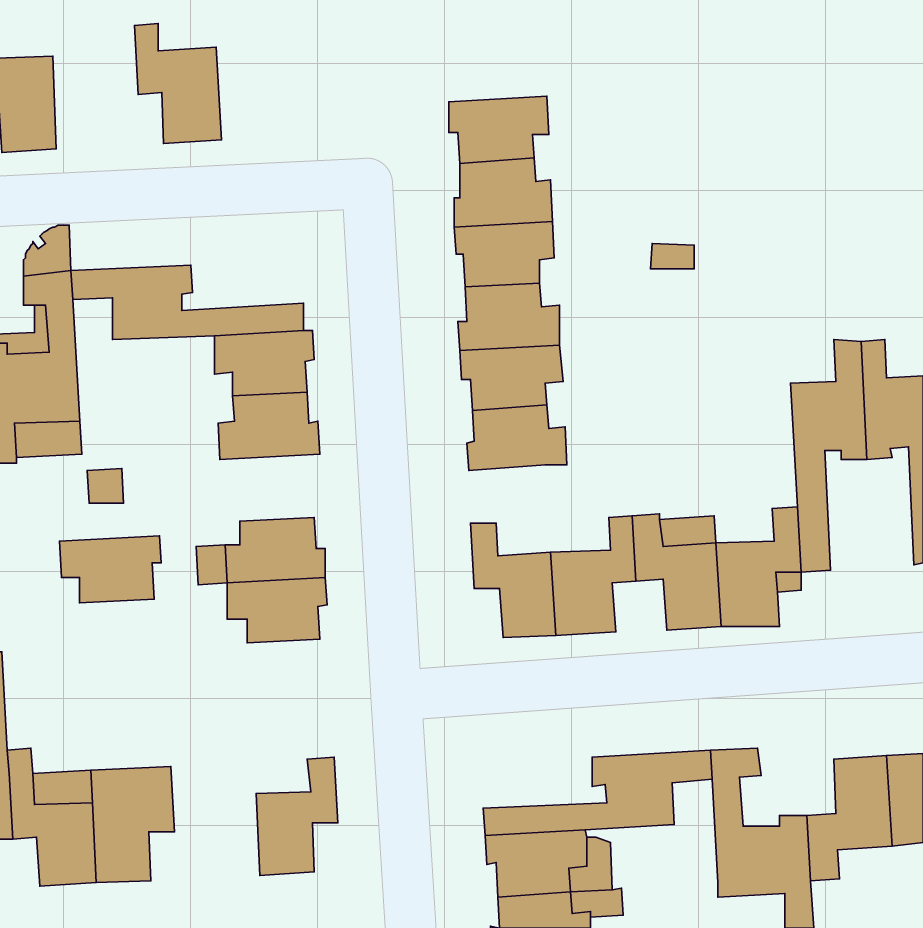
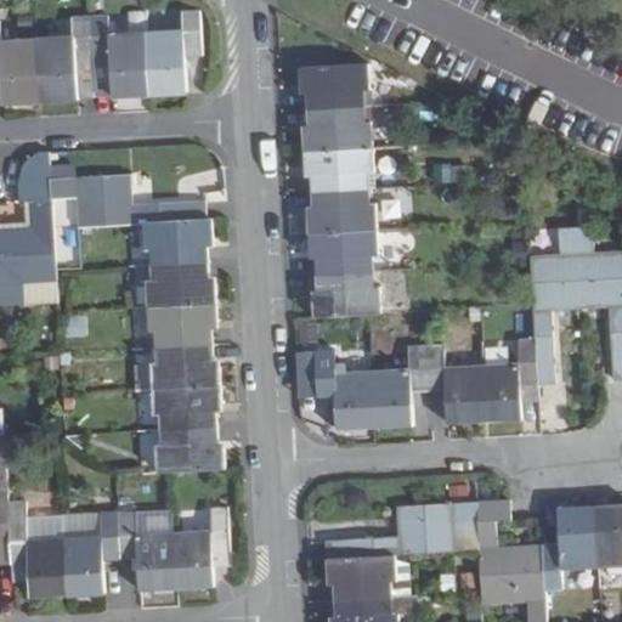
building: none -> [145,11,202,94]
building: none -> [35,17,94,100]
building: [60,536,161,603] -> [147,304,215,349]
building: none -> [154,428,222,471]
building: none -> [114,511,174,587]

